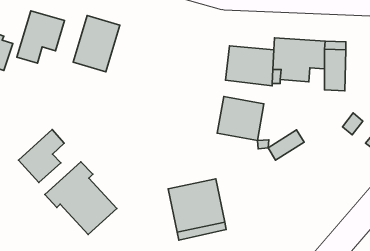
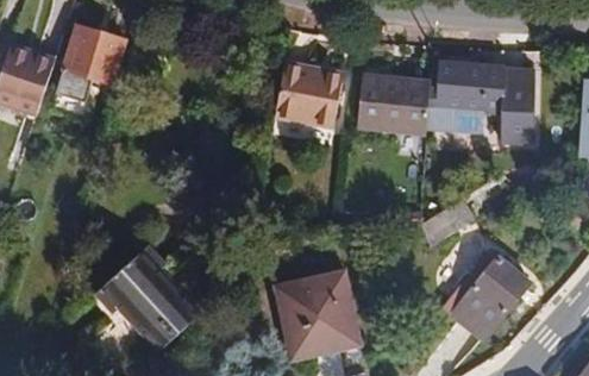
building: [73,16,120,72] -> none
building: [217,97,264,141] -> [276,62,344,126]
building: [19,129,64,183] -> none
building: none -> [441,247,531,340]

